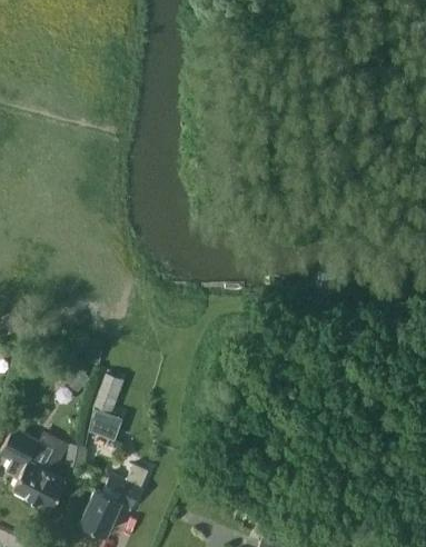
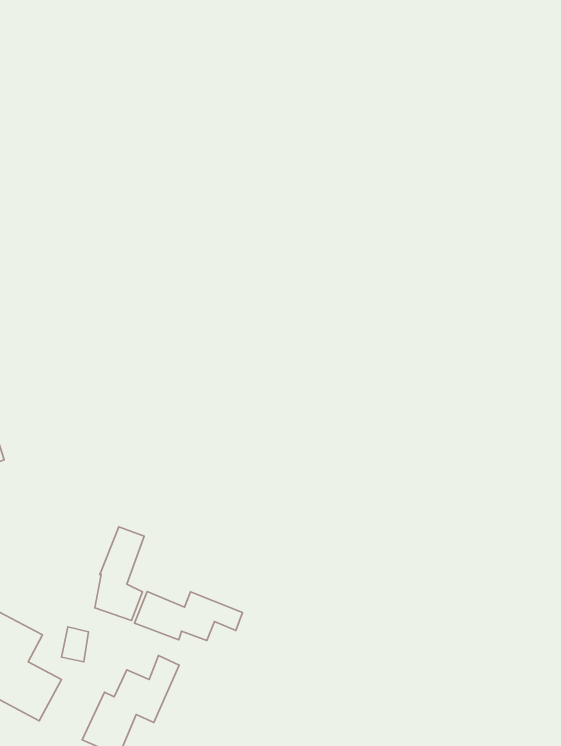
building: none -> [134,592,243,640]

